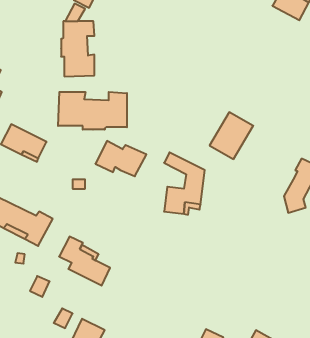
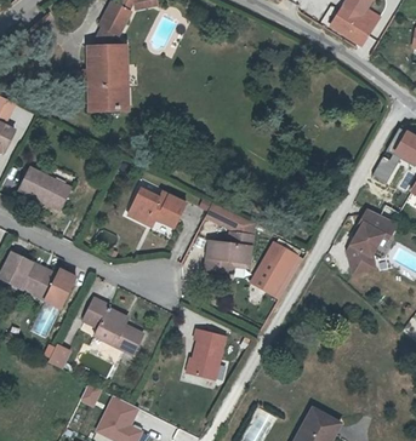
building: [58,92,127,130] -> none
building: [210,112,253,159] -> [253,239,304,293]
building: none -> [190,327,228,377]

